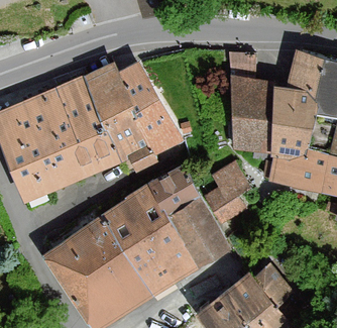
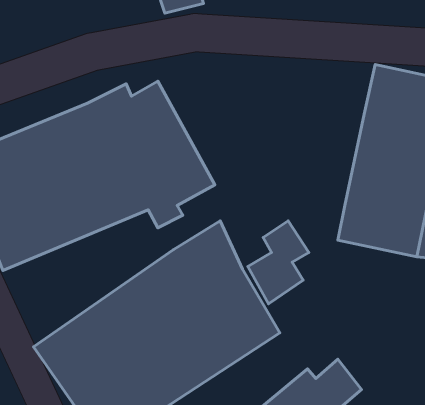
building: [230,54,289,154] -> none

